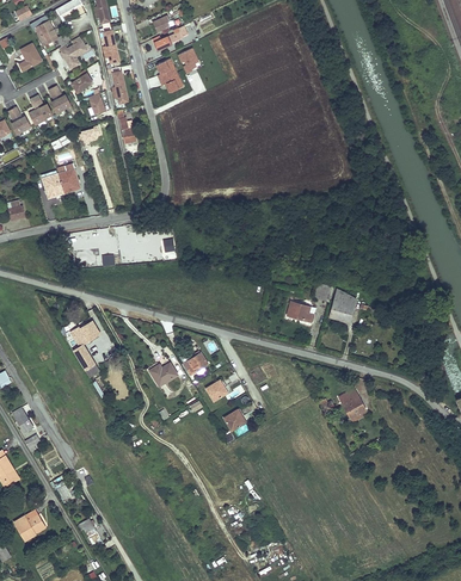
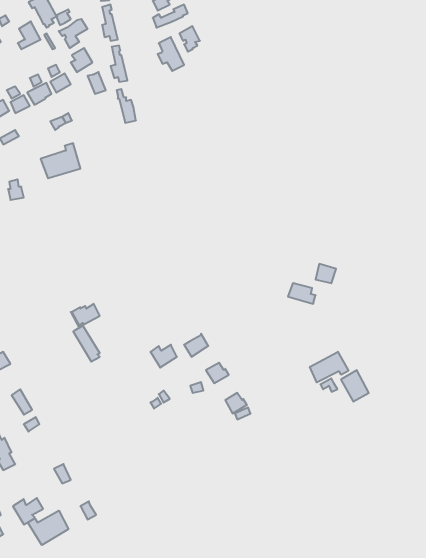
building: [330,289,356,323] -> none
building: none -> [310,352,348,382]
building: none -> [28,511,68,545]

